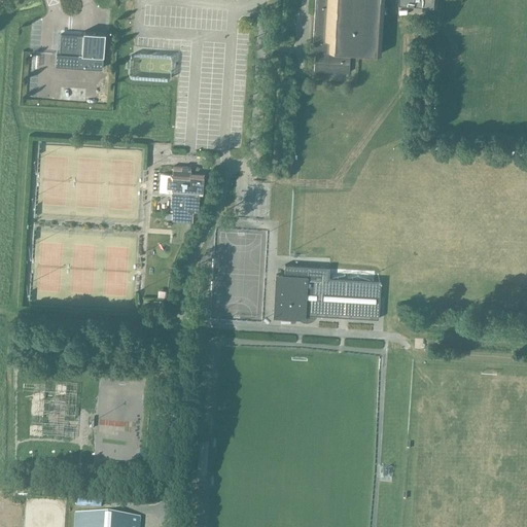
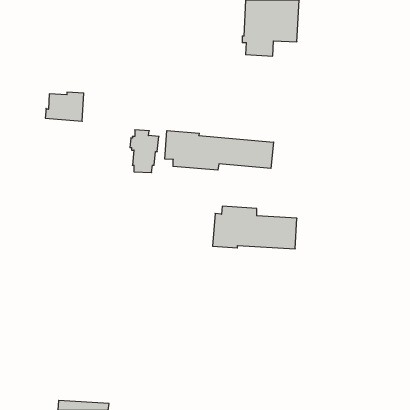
building: [56,32,105,69] -> [45,92,84,121]
building: none -> [165,131,274,170]

